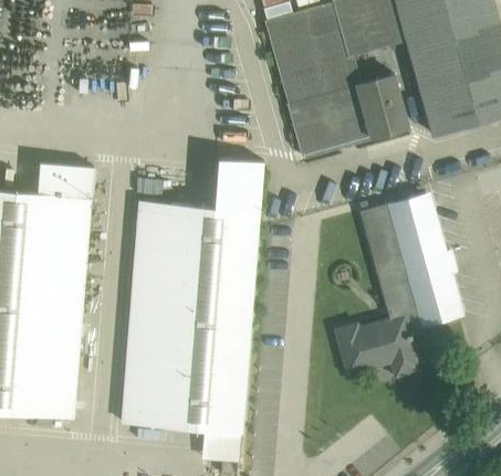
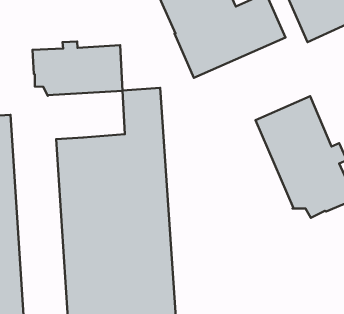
building: none -> [32,42,122,96]
building: [336,316,418,377] -> none

